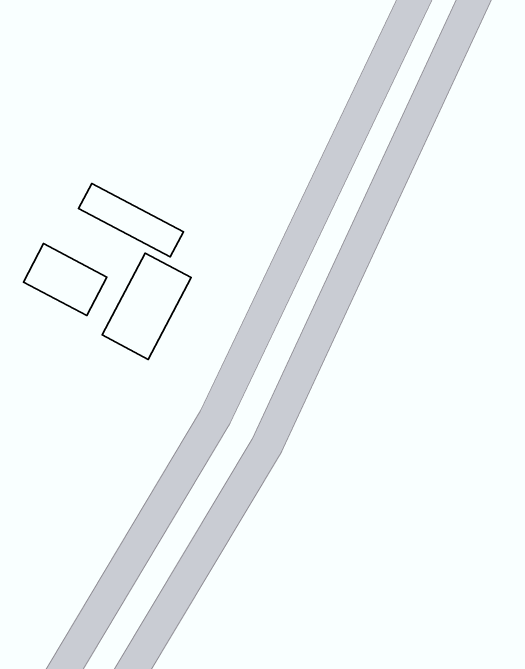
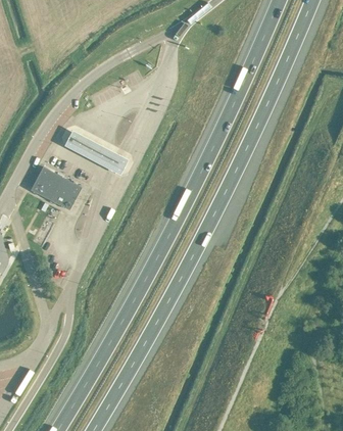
building: [102,253,191,359] -> none

